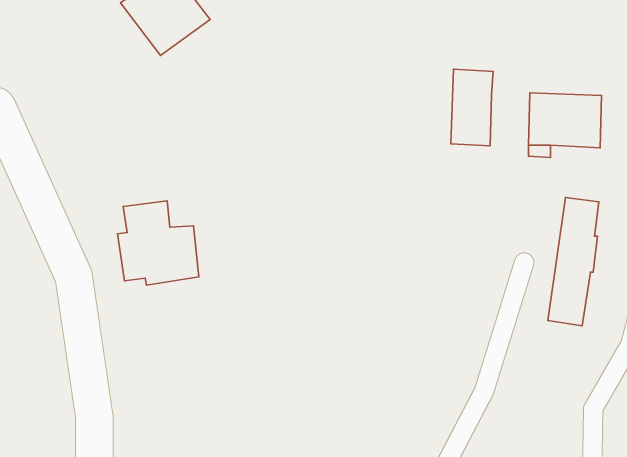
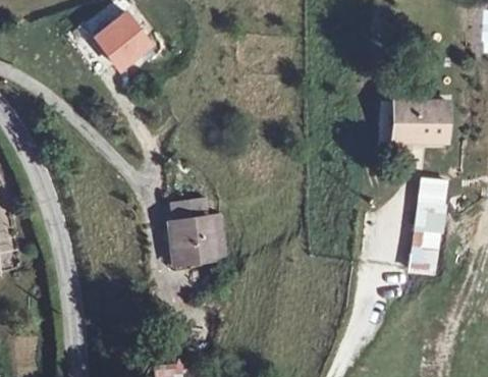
building: [451,69,493,146] -> none
building: [118,201,199,285] -> [166,201,226,263]

